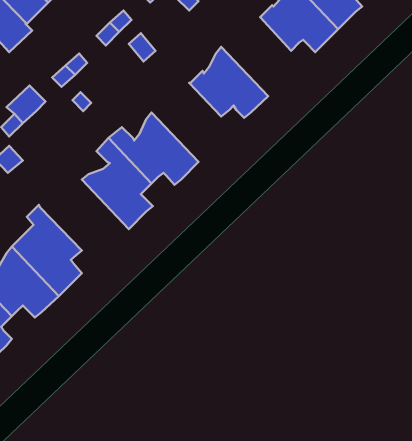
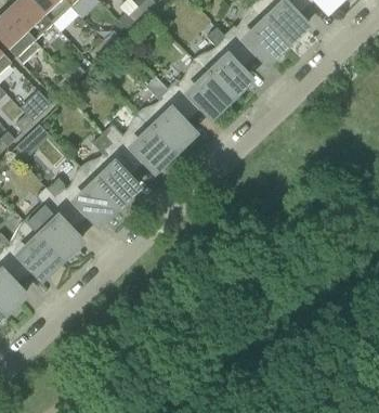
building: none -> [194,28,251,100]
building: none -> [138,89,195,153]
building: none -> [48,167,119,225]

